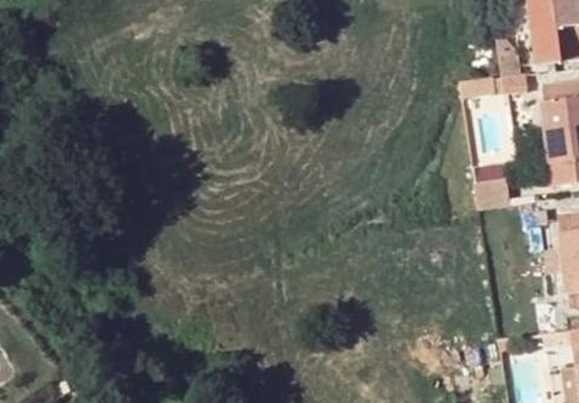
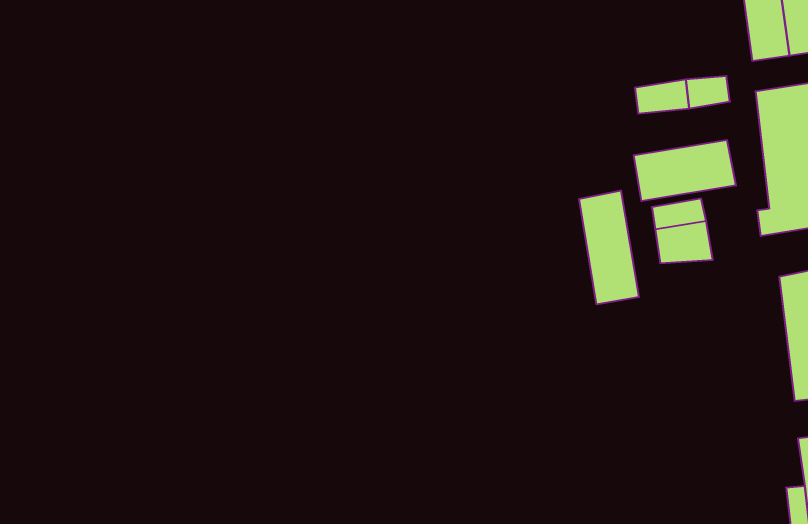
building: none -> [634,140,736,201]
building: none -> [579,190,639,304]

